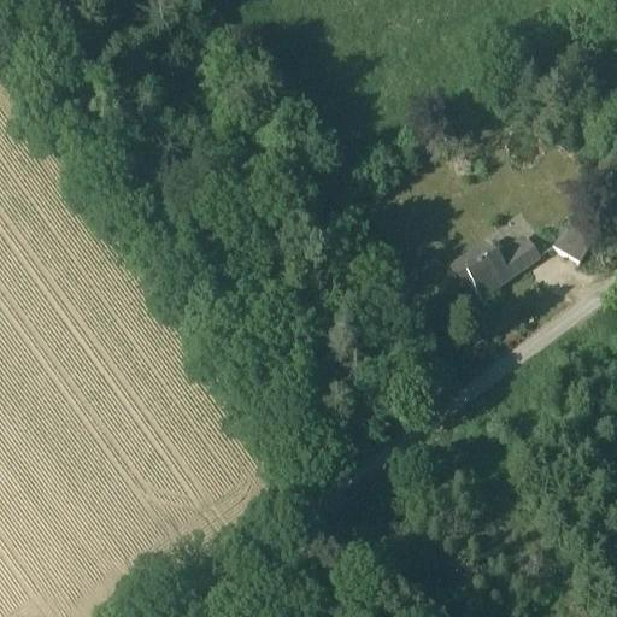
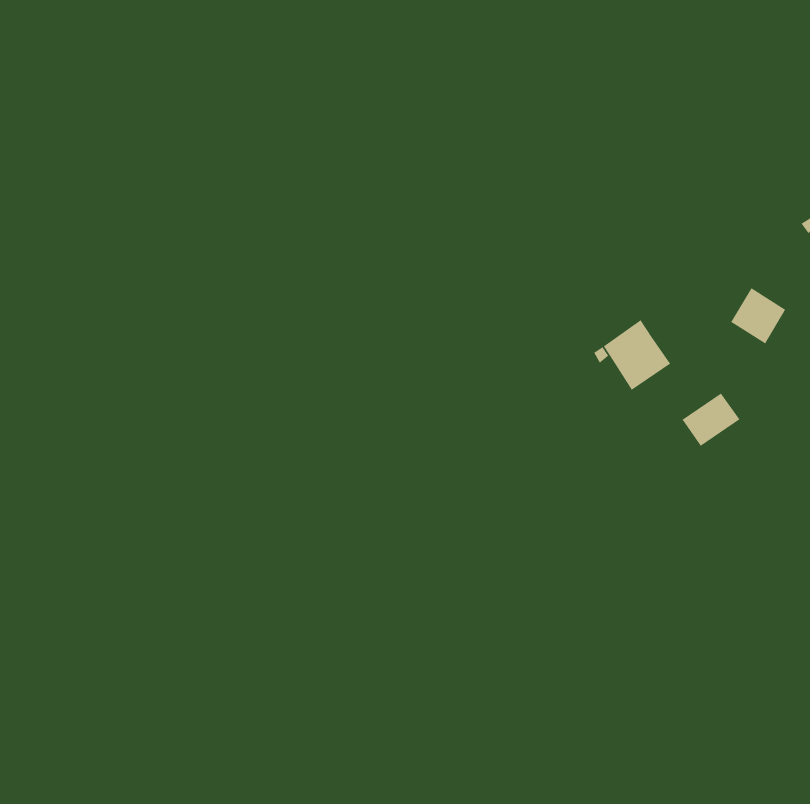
building: [496,234,541,275] -> [681,392,740,447]

